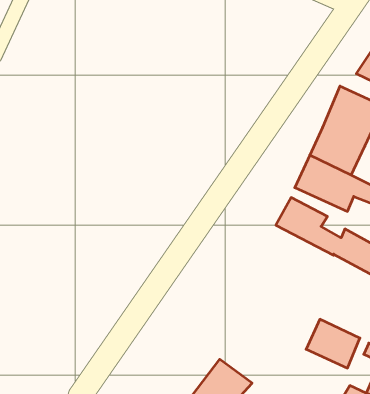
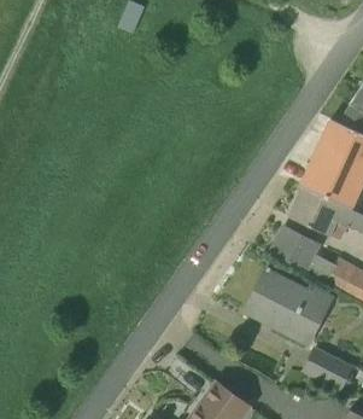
building: none -> [251,267,335,345]

